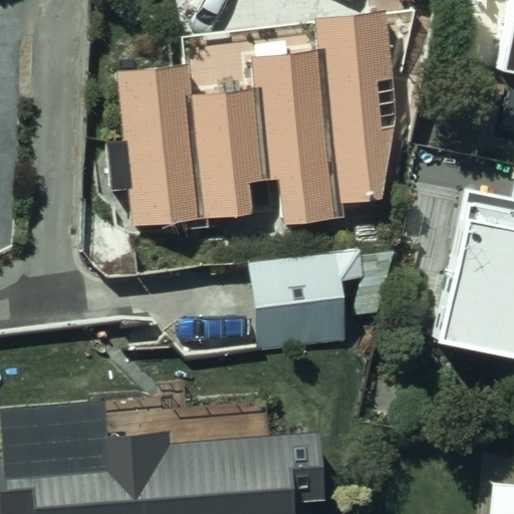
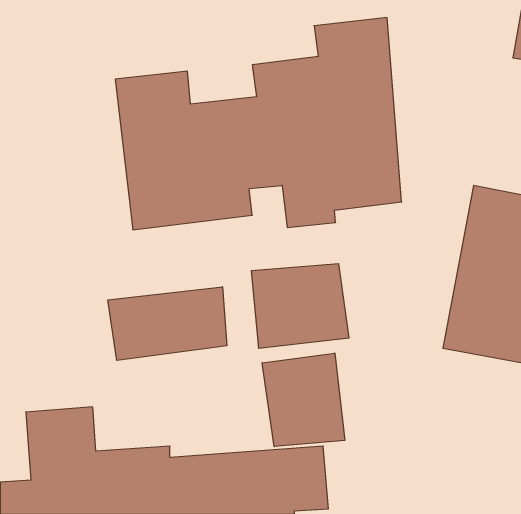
building: none -> [108,287,227,360]
building: none -> [262,353,345,447]

